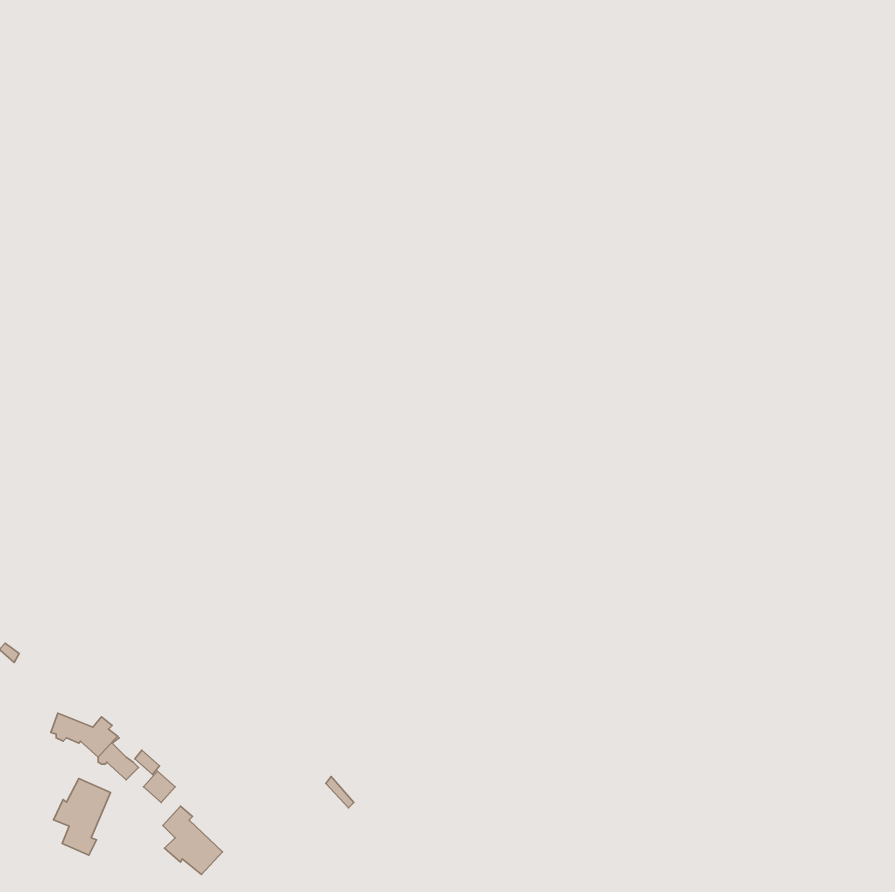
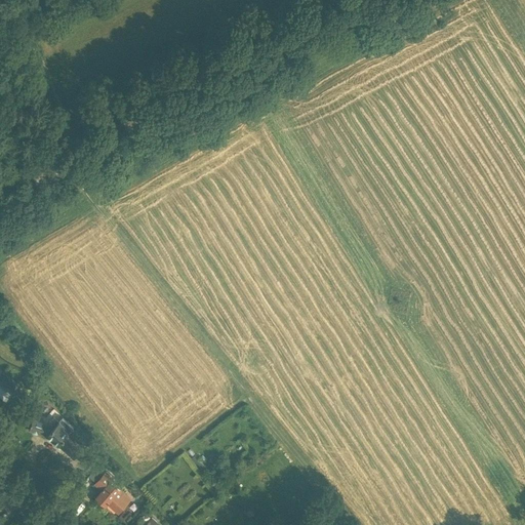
building: [54,778,111,855] -> none

